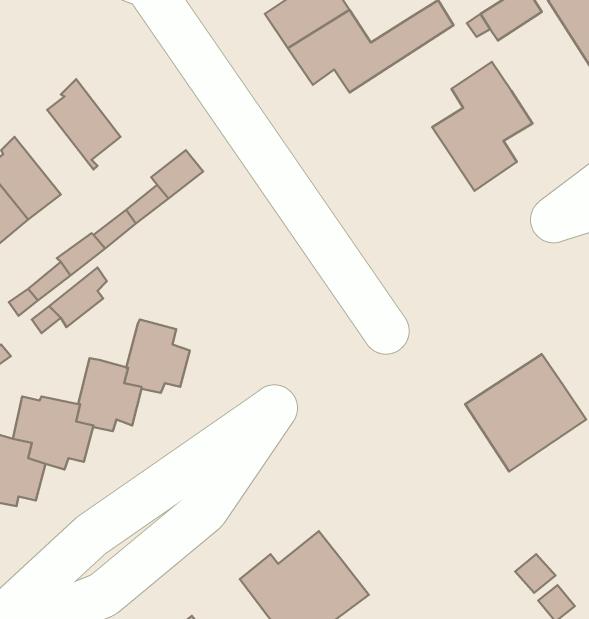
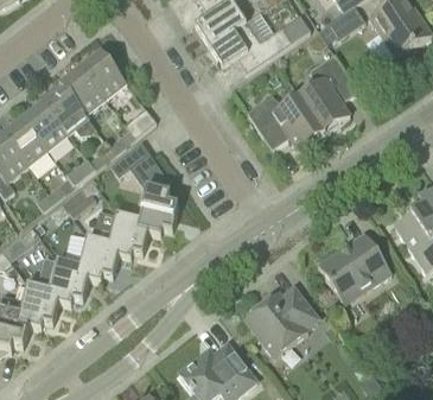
building: none -> [78,50,127,99]
building: none -> [40,81,96,134]
building: none -> [248,93,324,148]
building: none -> [110,144,178,234]
building: none -> [246,287,319,357]

